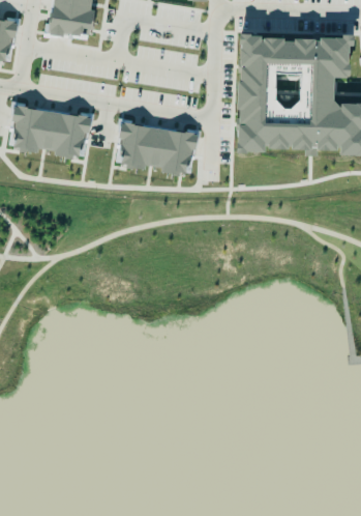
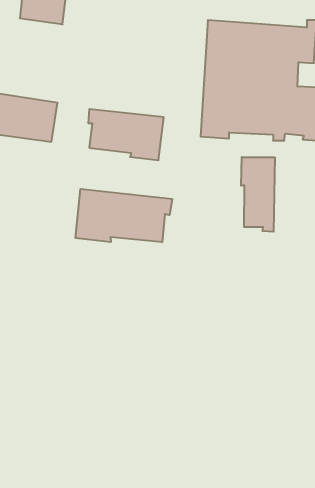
building: none -> [241,157,275,232]
building: none -> [76,189,172,242]

